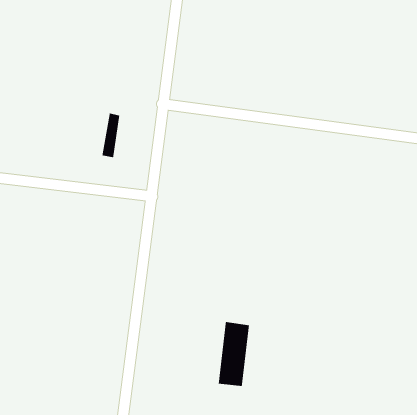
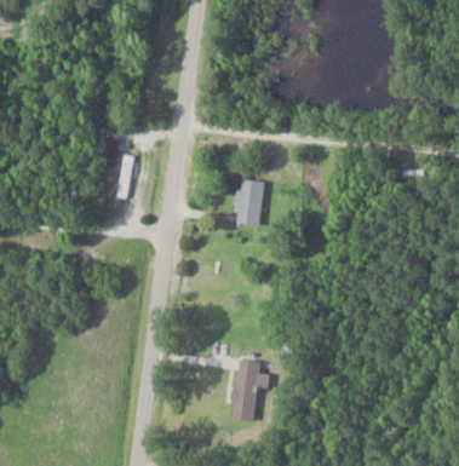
building: none -> [235,178,263,224]

